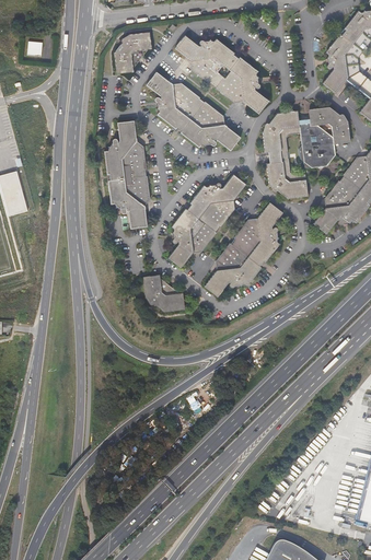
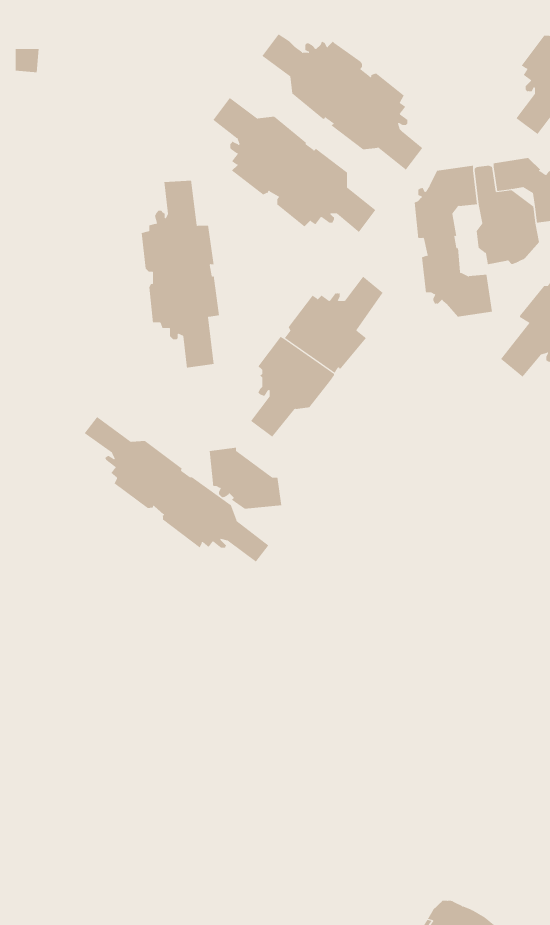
building: [115,32,151,73] -> none
building: [206,202,283,298] -> none
building: none -> [84,416,269,562]

